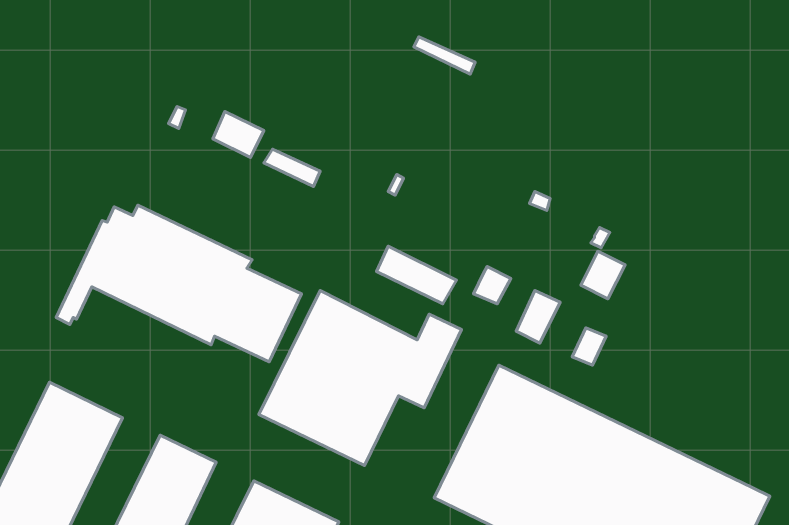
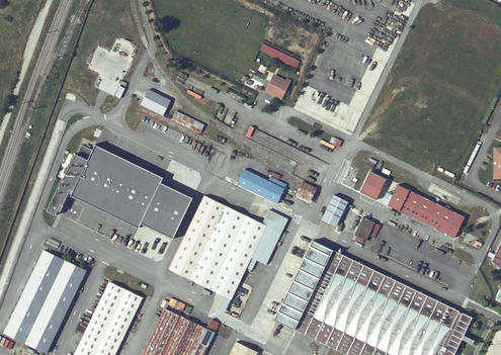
building: none -> [265,74,290,100]
building: none -> [387,185,464,238]

